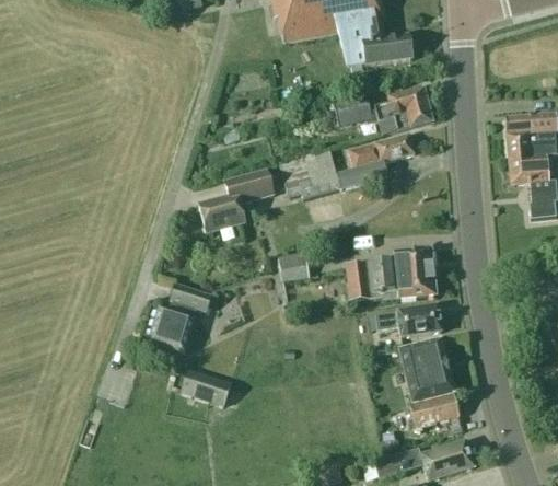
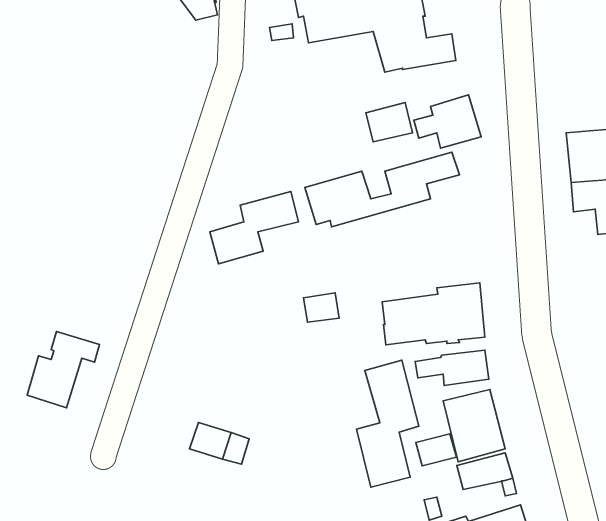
building: [148,284,210,349] -> [27,332,99,408]
building: none -> [356,360,419,487]
building: none -> [416,434,456,466]

